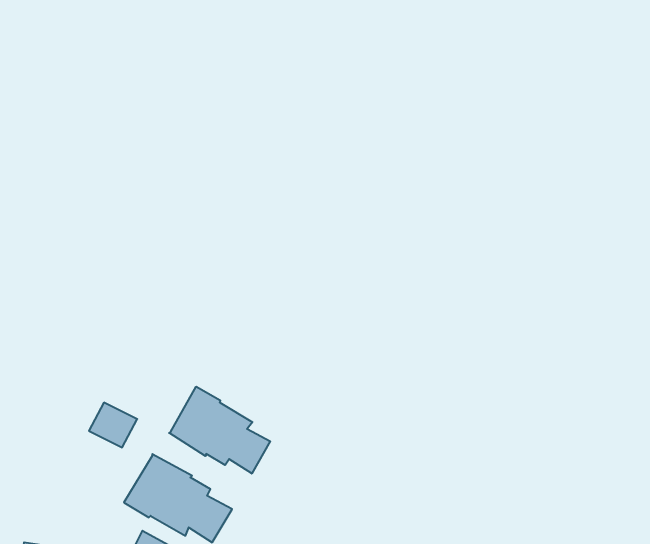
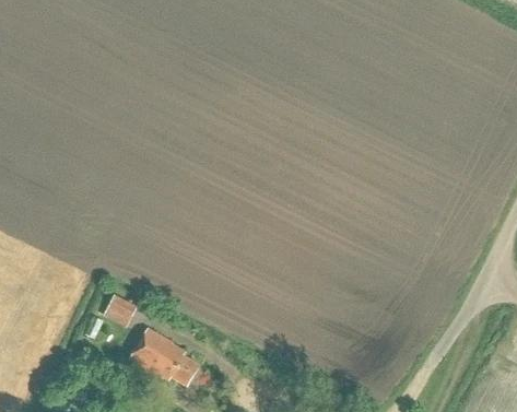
building: [169,387,270,474] -> none

